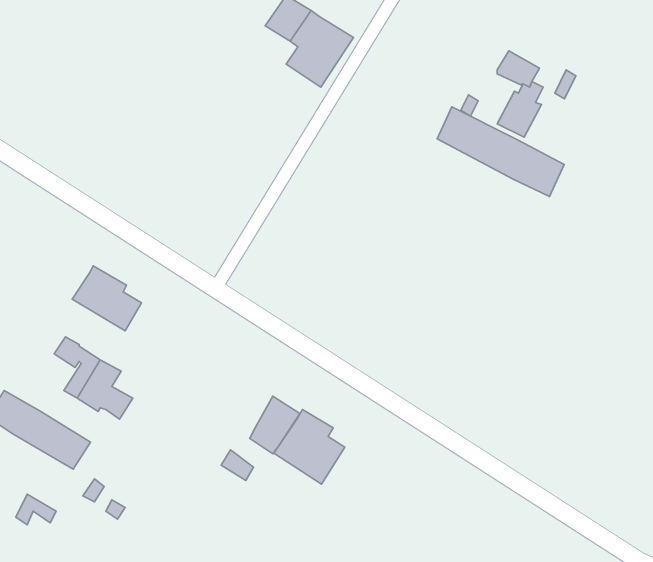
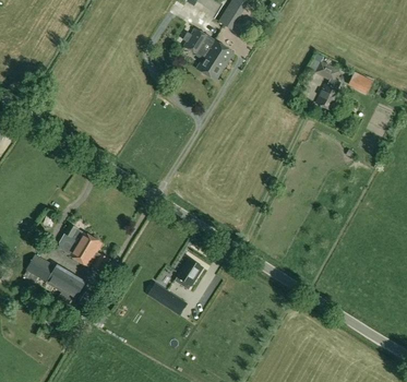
building: [437,107,564,197] -> none
building: [72,266,141,331] -> none
building: [274,409,345,484] -> none

